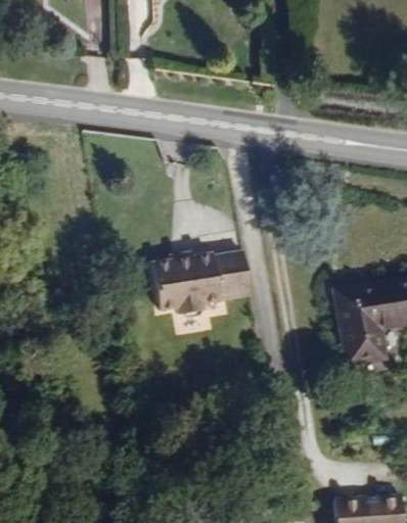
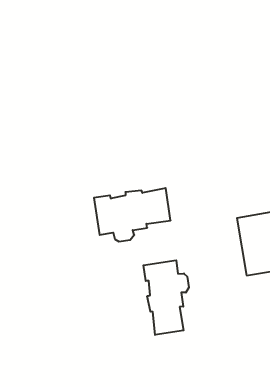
building: none -> [143,260,189,335]

